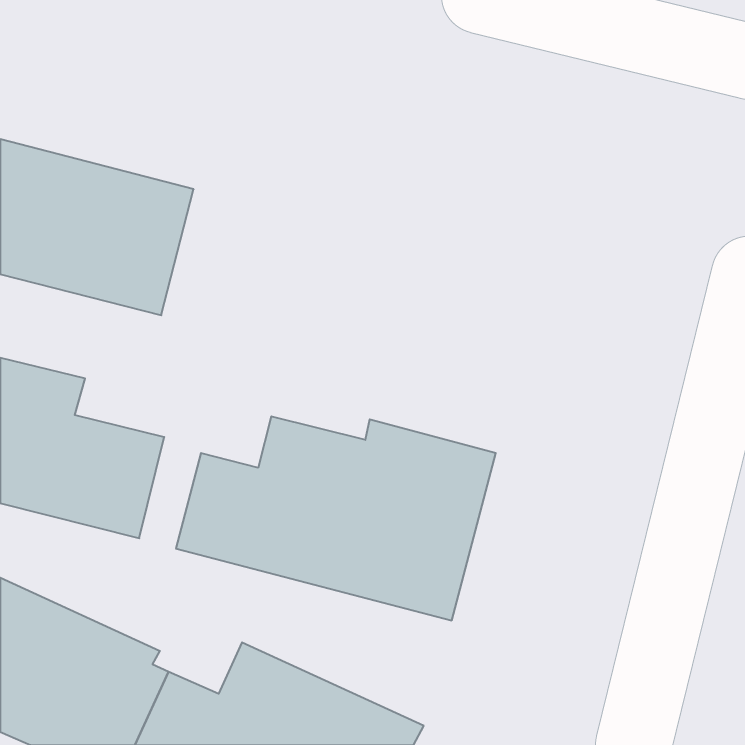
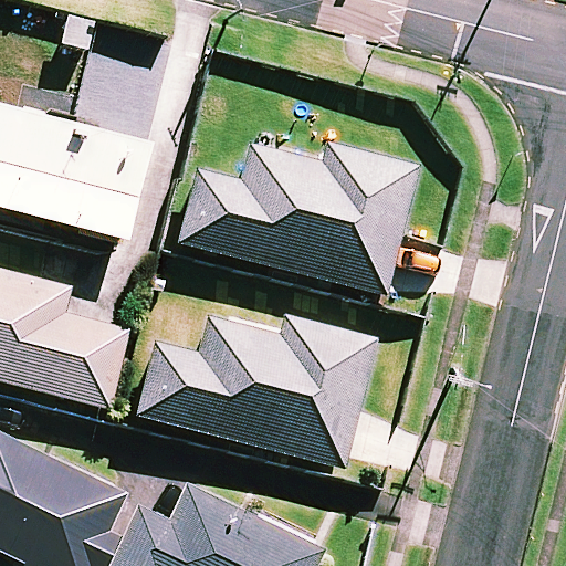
building: none -> [178,143,419,294]

